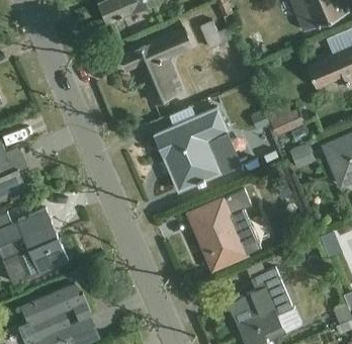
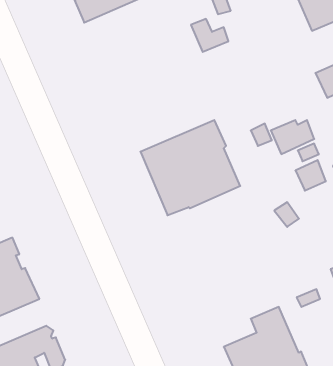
building: [120,29,192,103] -> none
building: [188,189,260,269] -> none

